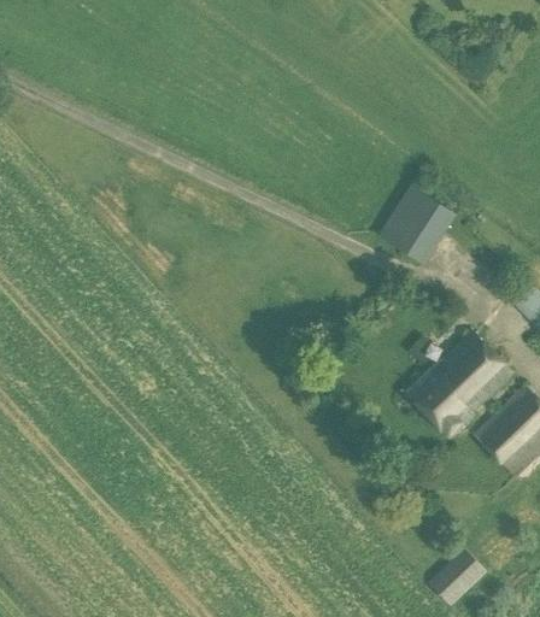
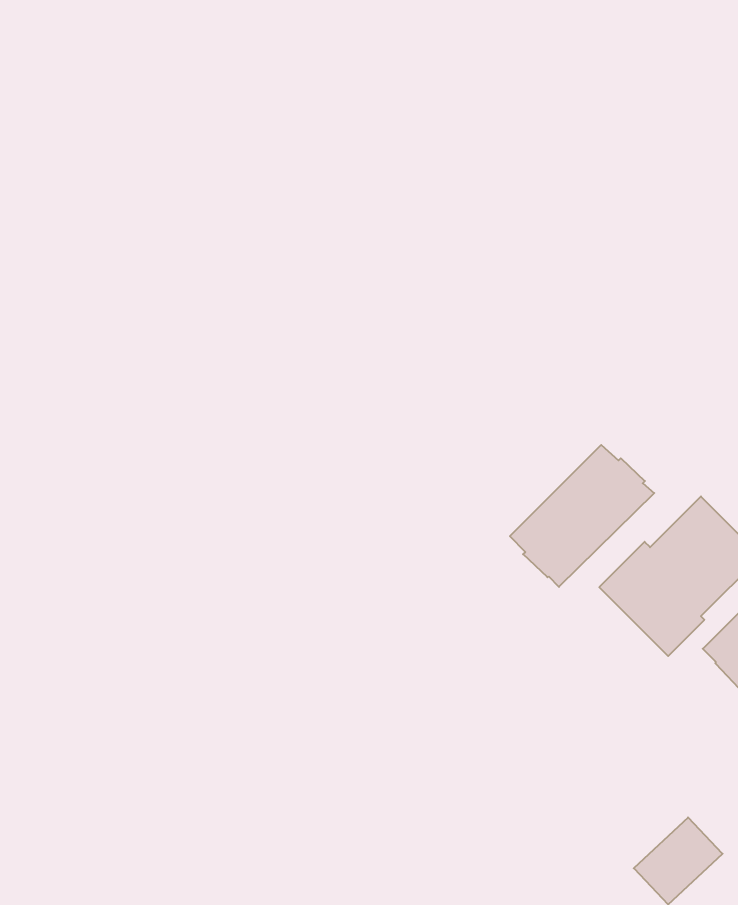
building: [378,186,454,263] -> none
building: none -> [510,445,654,587]

